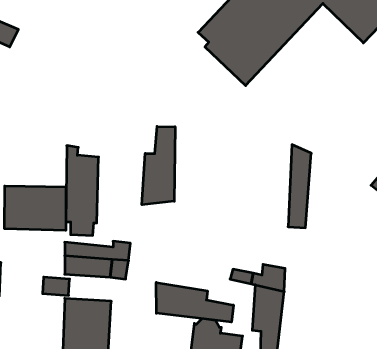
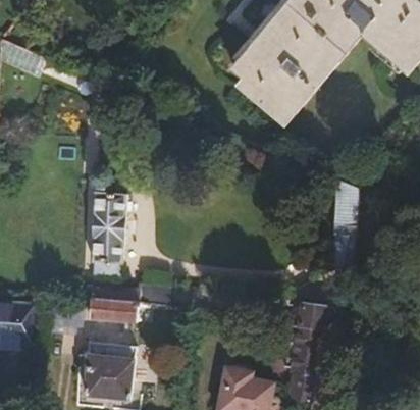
building: [142,126,175,205] -> none
building: [5,186,66,230] -> none
building: [156,282,233,322] -> none

